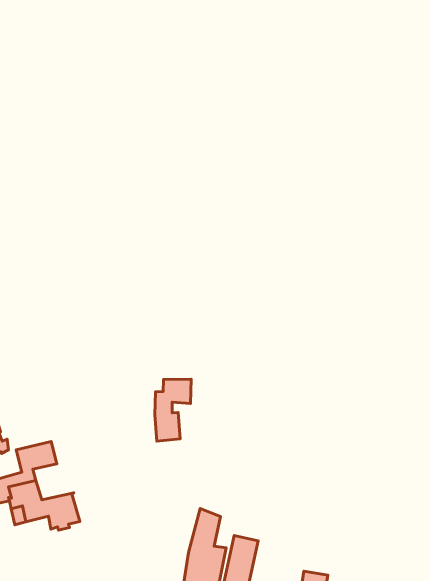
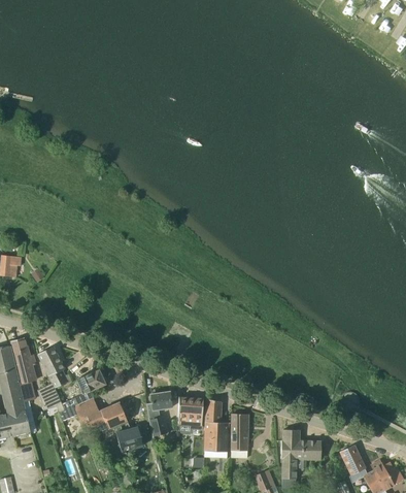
building: [155,379,191,441] -> [146,392,171,437]
building: none -> [177,397,203,426]
building: none -> [114,425,143,453]

